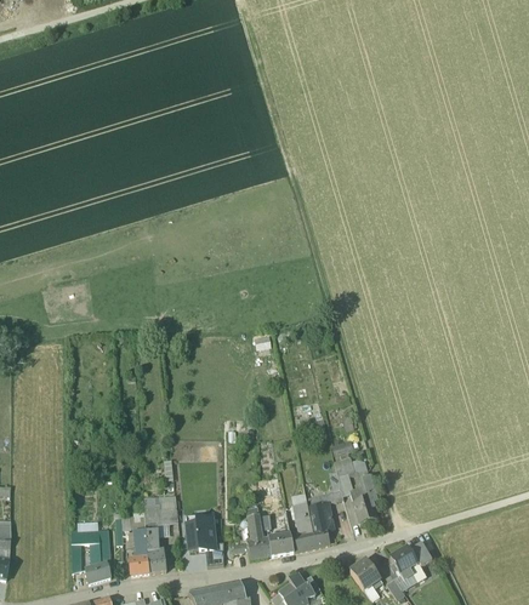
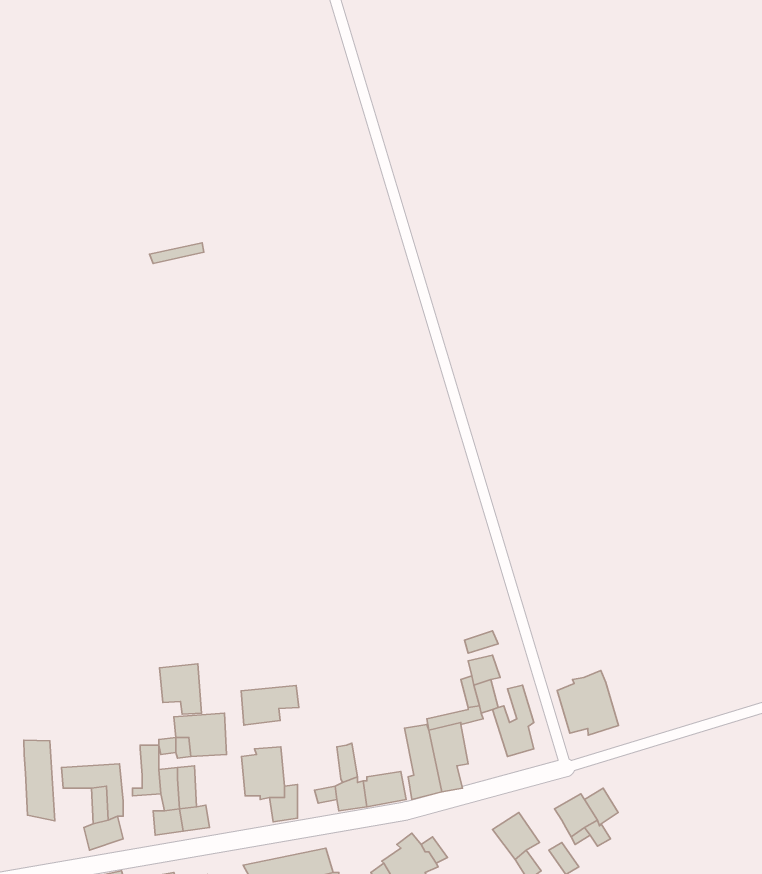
building: none -> [159,664,202,714]
building: none -> [557,671,619,735]
building: none -> [241,686,299,725]
building: none -> [24,740,55,821]

